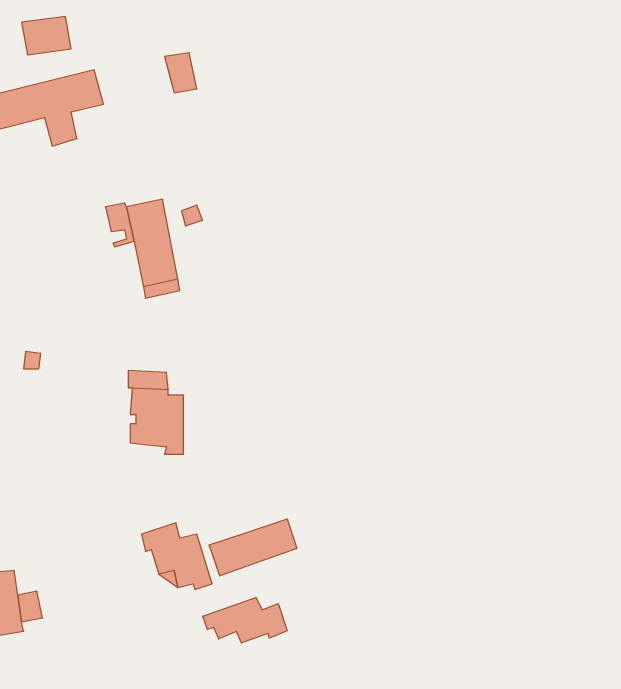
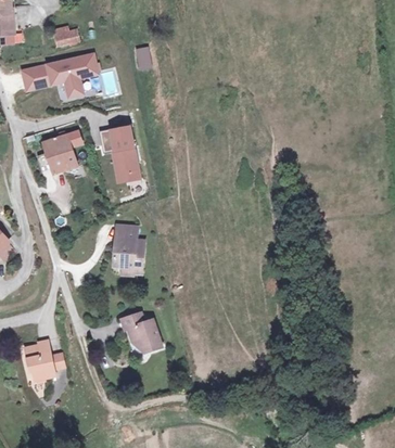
building: none -> [44,133,81,174]
building: [209,519,297,576] -> none
building: [203,597,287,643] -> none

